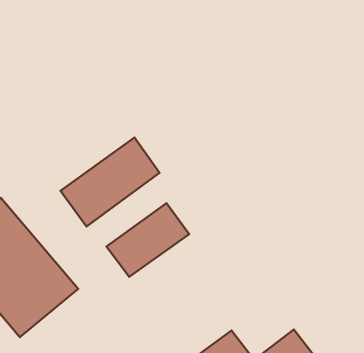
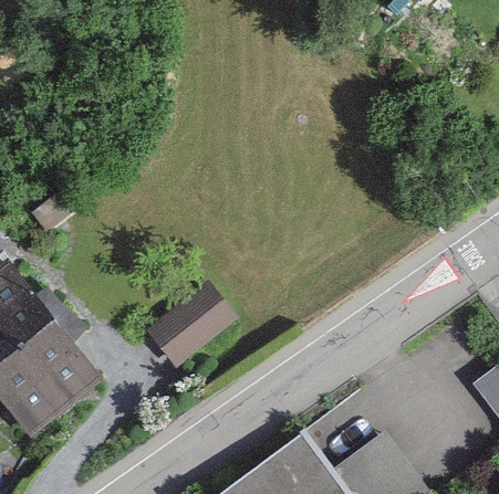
building: [61,137,160,227] -> none

